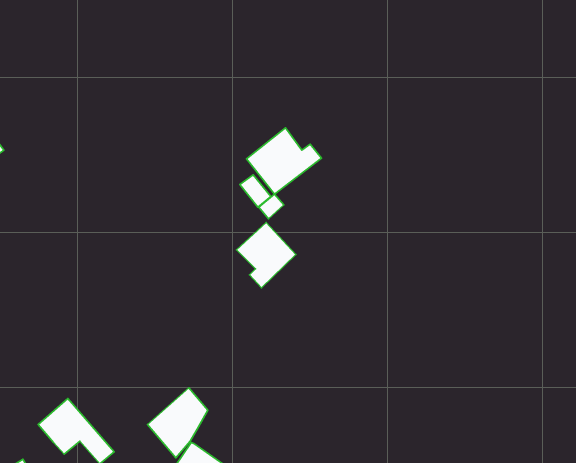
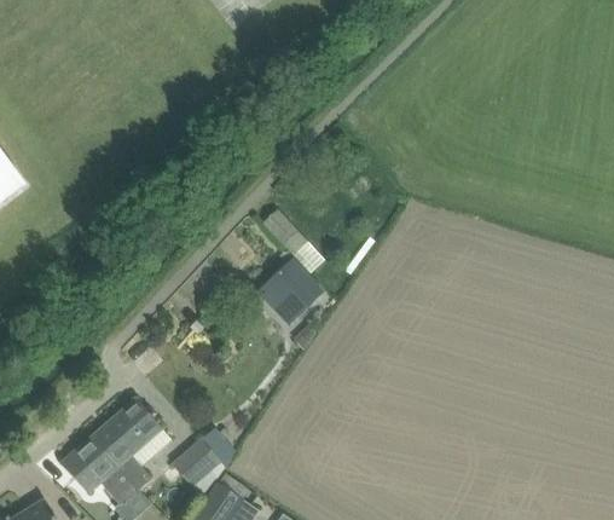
building: [247,128,321,194] -> none
building: none -> [91,399,162,492]

